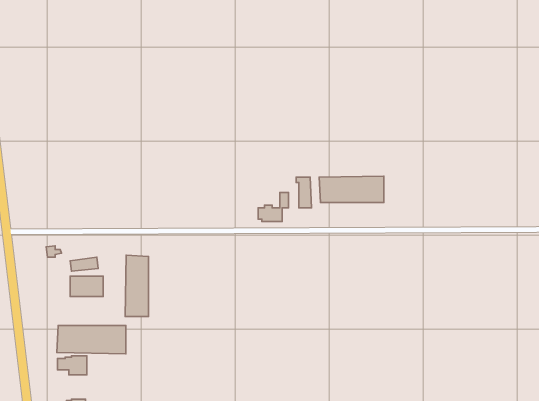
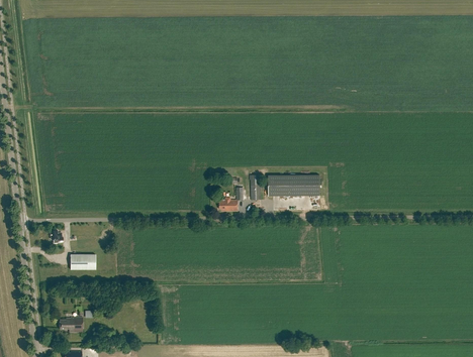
building: [125,255,149,317] -> none
building: [57,326,126,354] -> none

